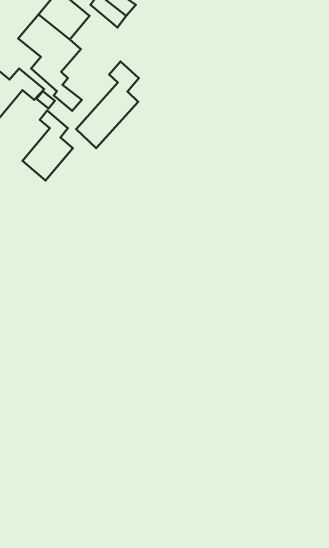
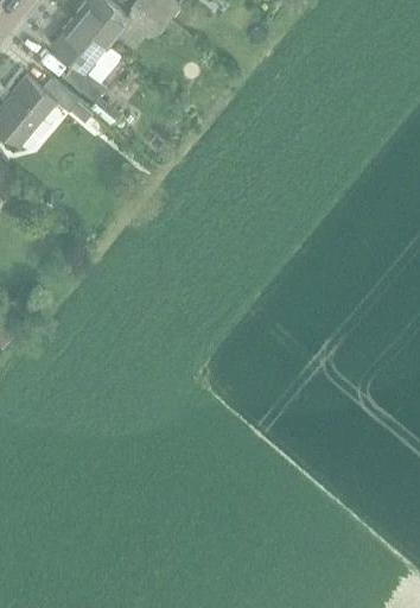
building: [76,61,139,148] -> none
building: [23,111,73,181] -> none

